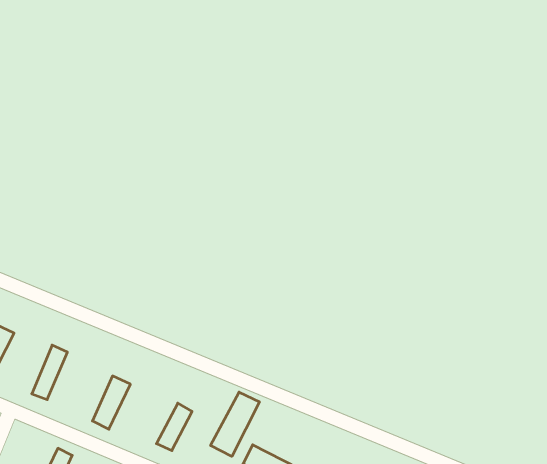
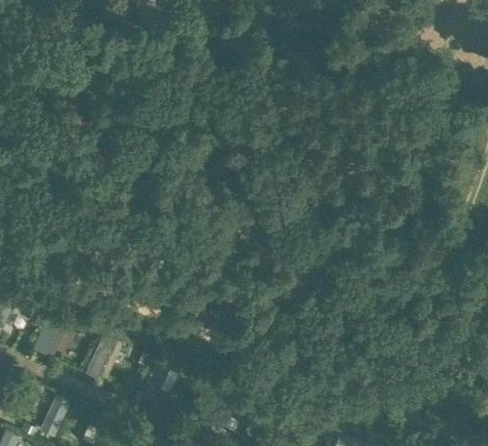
building: [211,392,259,456] -> none

